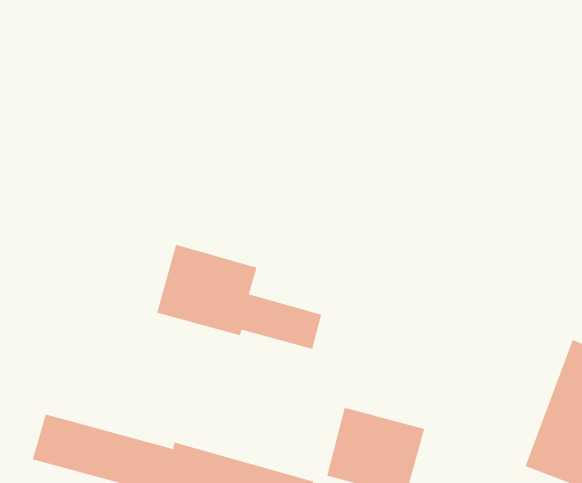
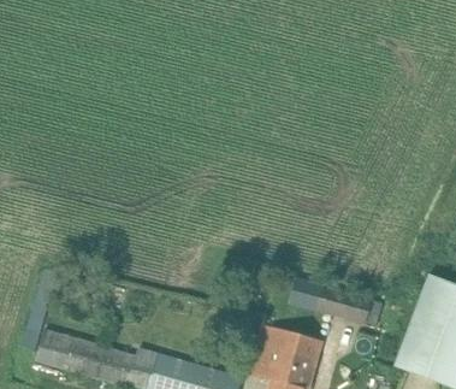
building: [156,244,322,350] -> none
building: none -> [289,278,372,324]

